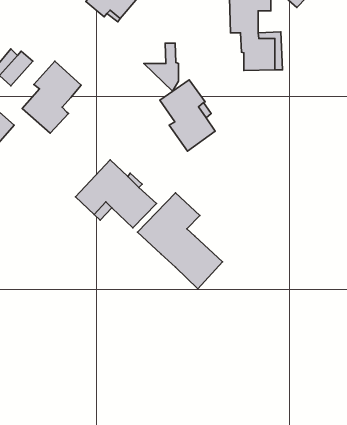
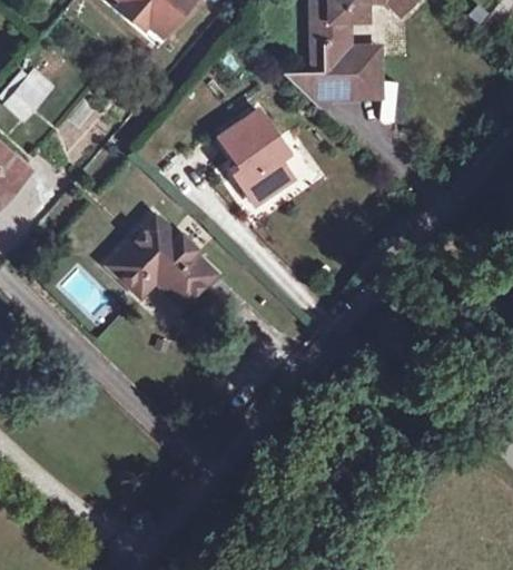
building: [144,43,178,91] -> [286,48,332,111]
building: [22,61,81,133] -> none
building: [138,193,223,289] -> none

